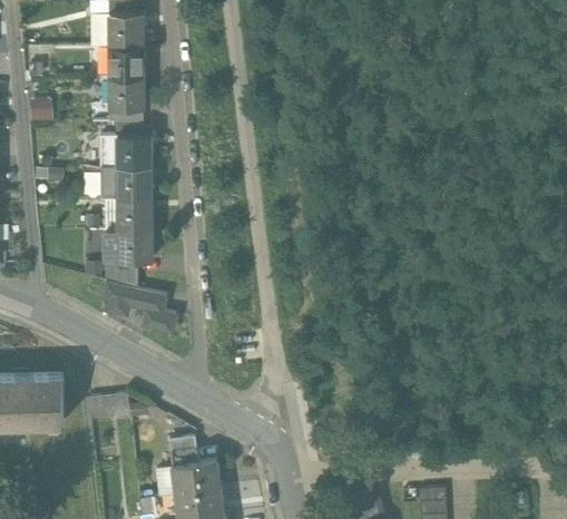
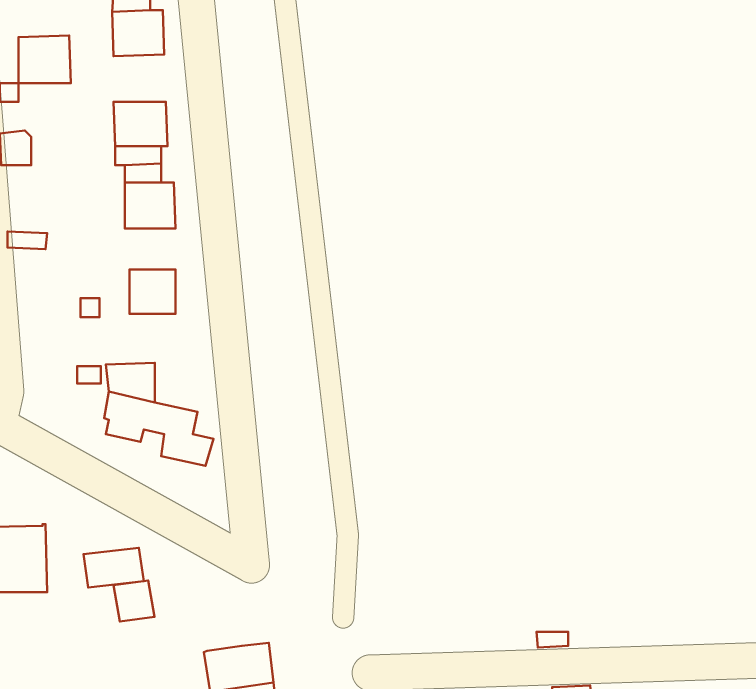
building: [107,42,144,76] -> [19,36,71,83]
building: [99,165,150,194] -> none
building: [101,225,151,261] -> none
building: [168,433,197,462] -> [113,581,155,622]

